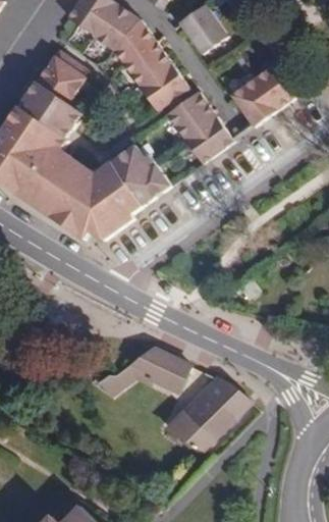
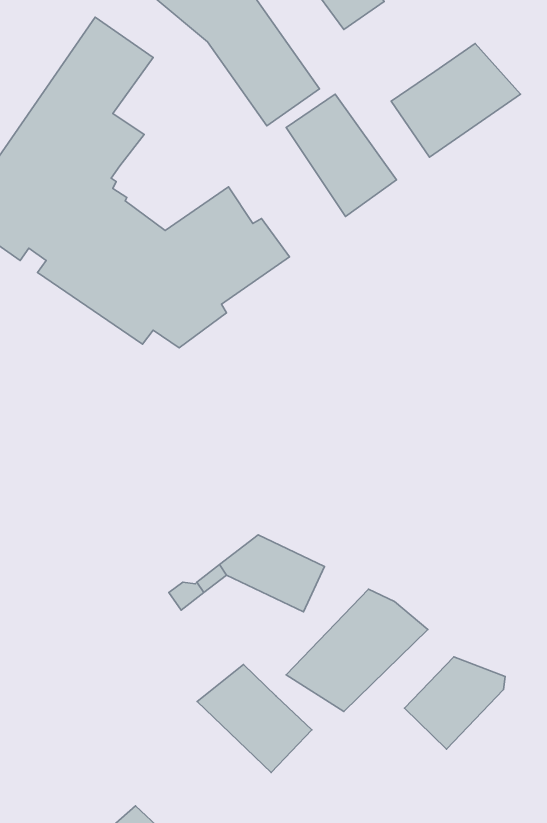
building: none -> [405,657,505,749]
building: none -> [197,665,312,772]

